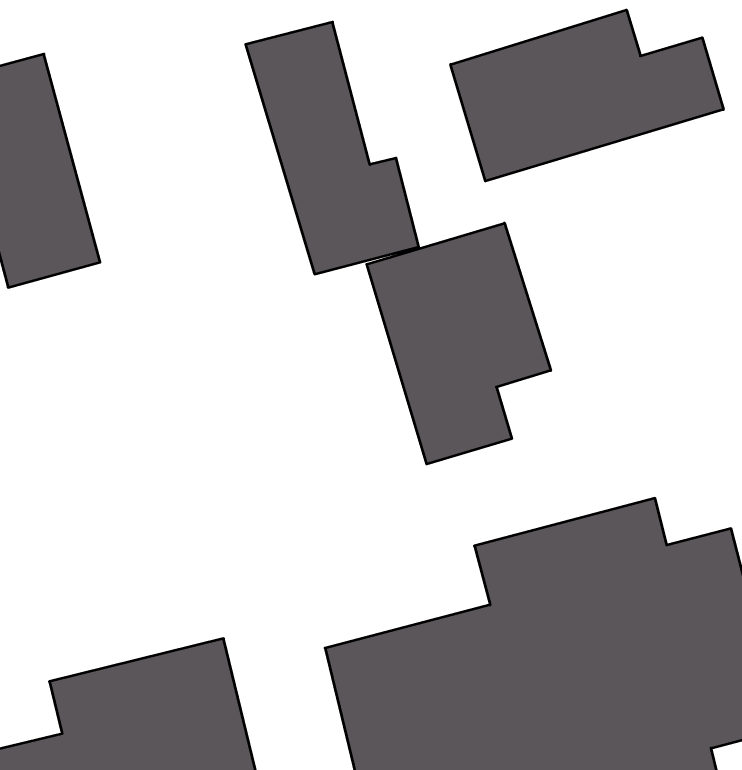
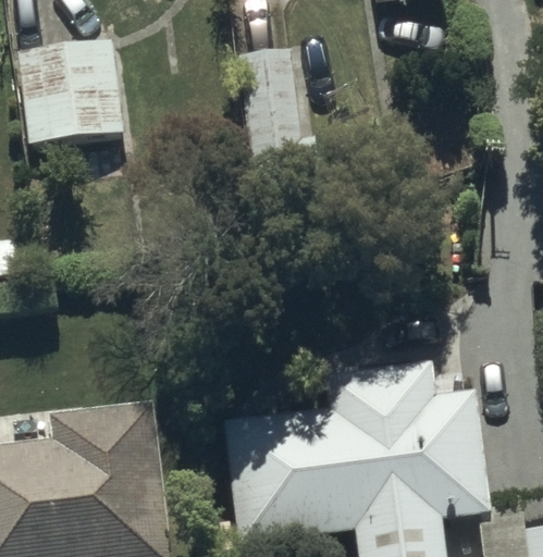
building: [451,10,723,181] -> none
building: [367,223,551,464] -> none

